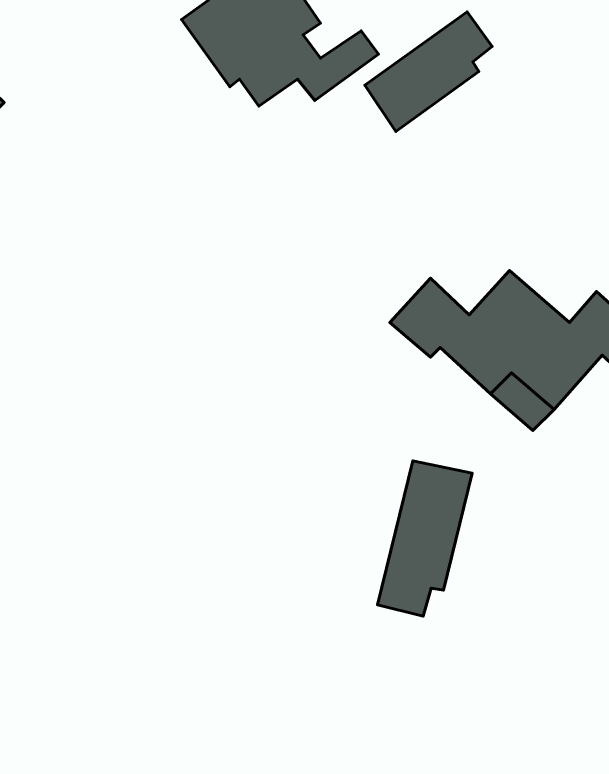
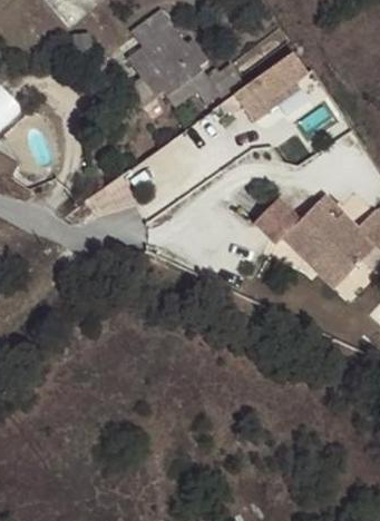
building: [378,461,472,616] -> none

